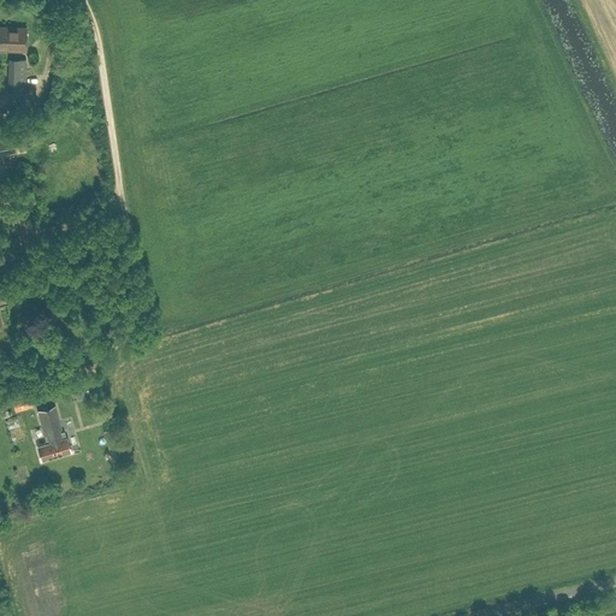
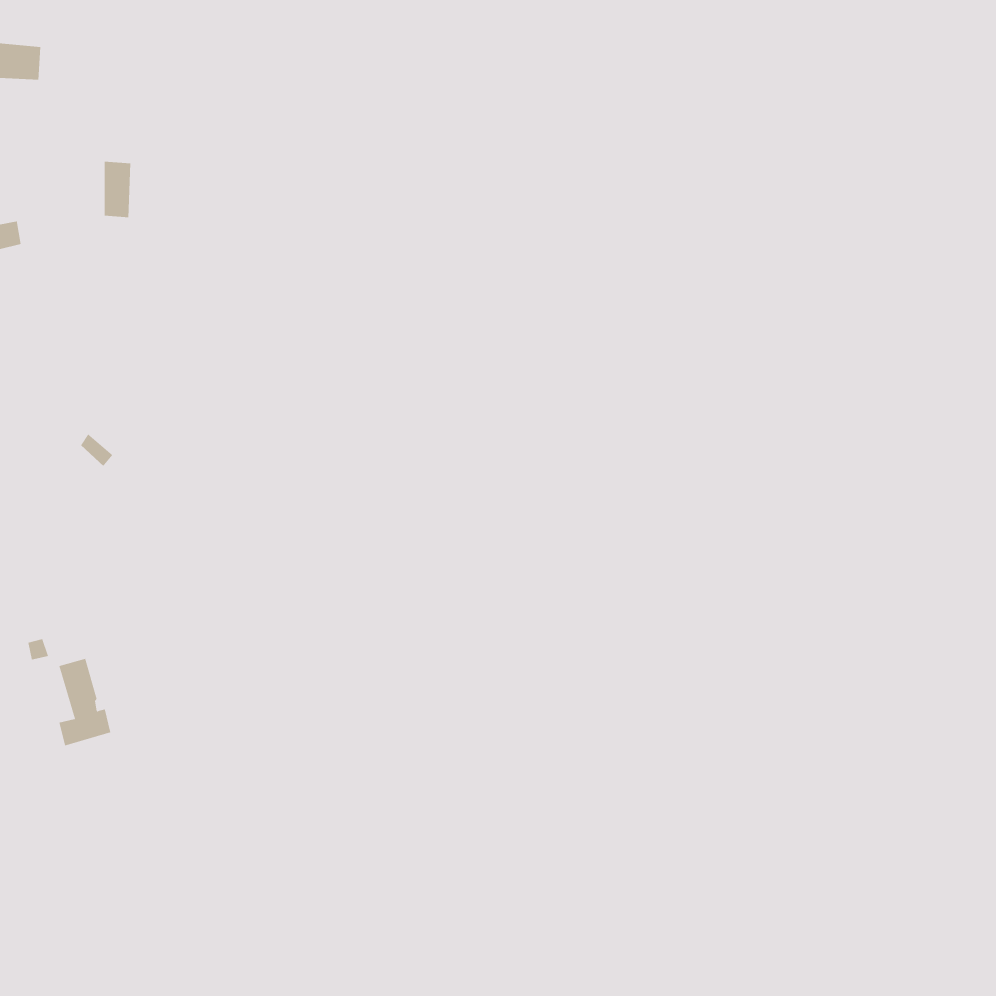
building: [10,60,26,95] -> [104,161,131,218]

